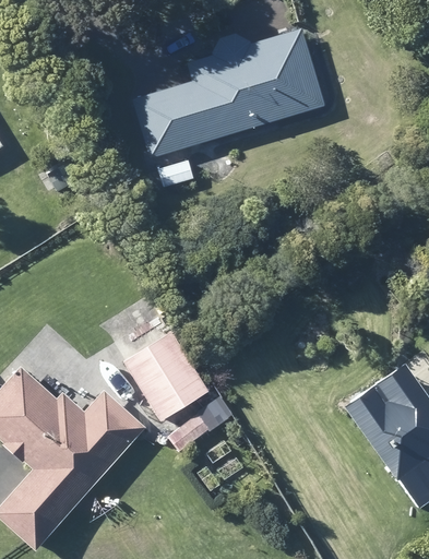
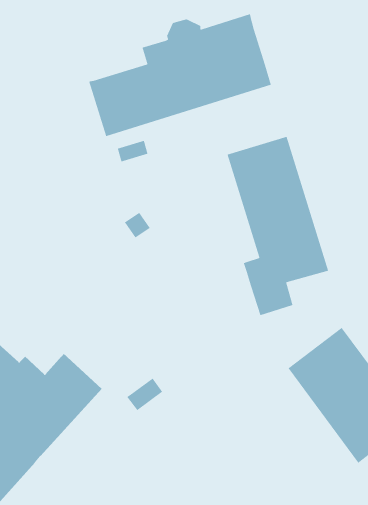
building: none -> [227,136,329,316]
building: [123,332,207,420] -> none

